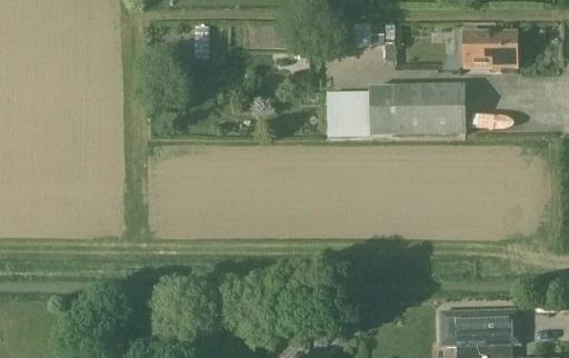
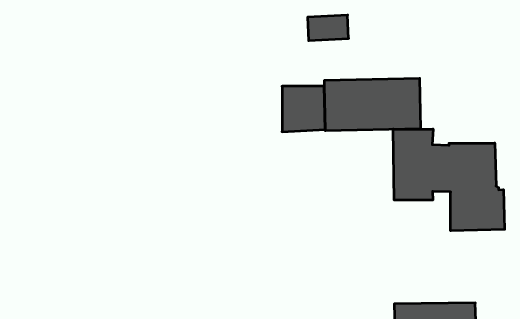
building: [442,30,517,69] -> none
building: none -> [393,129,505,231]

